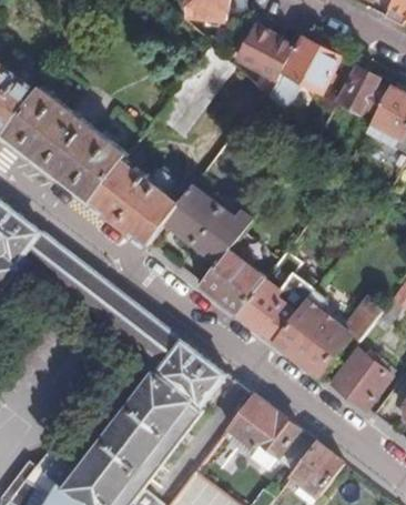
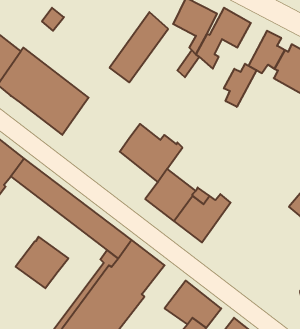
building: none -> [224,64,257,107]
building: [90,161,179,248] -> none
building: [273,291,383,374] -> none
building: none -> [16,237,68,288]
building: [328,352,387,411] -> none

